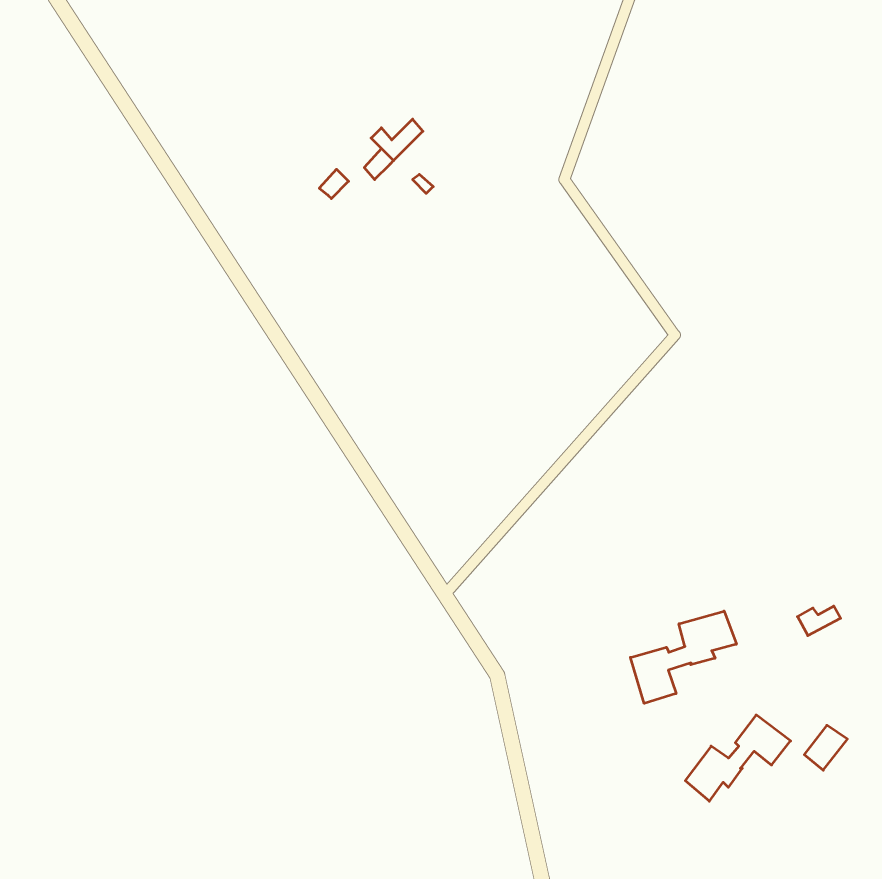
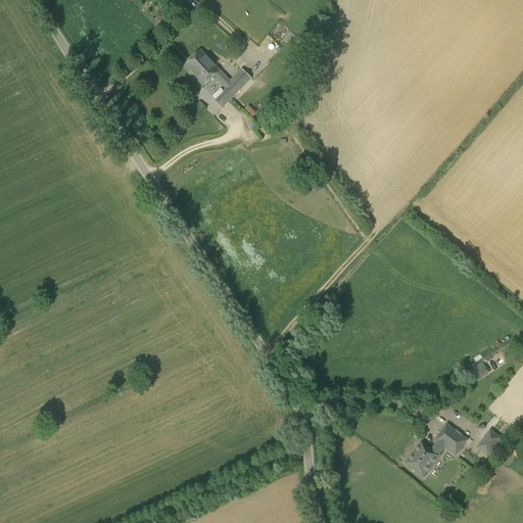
building: none -> [184,49,220,85]
building: [630,611,736,703] -> none

